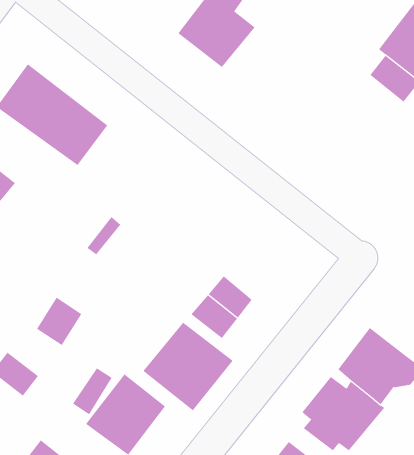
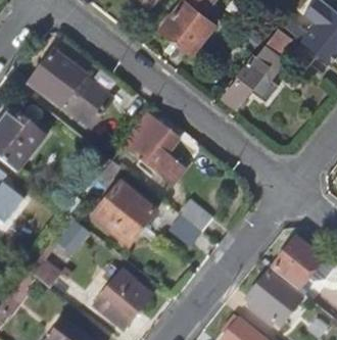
building: none -> [224,29,289,105]
building: none -> [124,113,180,169]
building: [143,322,233,411] -> [91,184,155,247]

